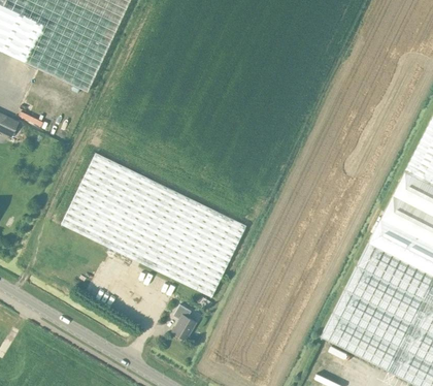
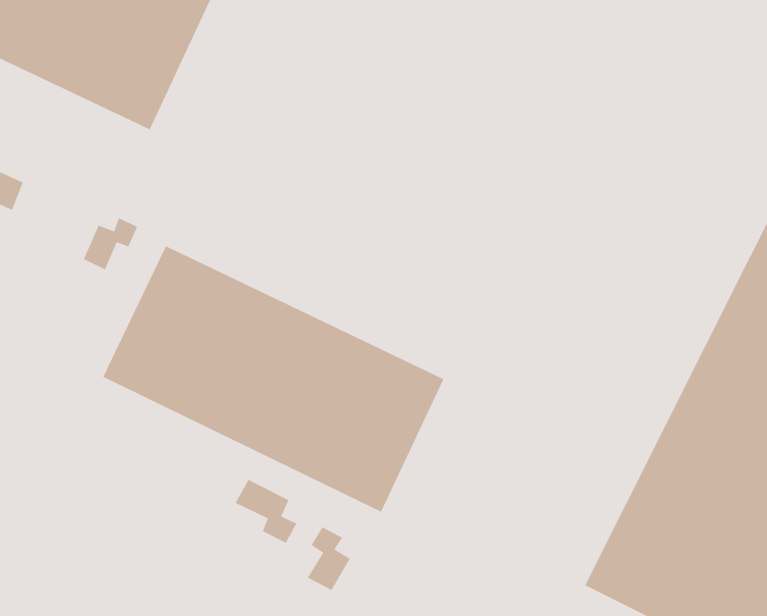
building: none -> [83,217,138,271]
building: none -> [235,479,298,544]

